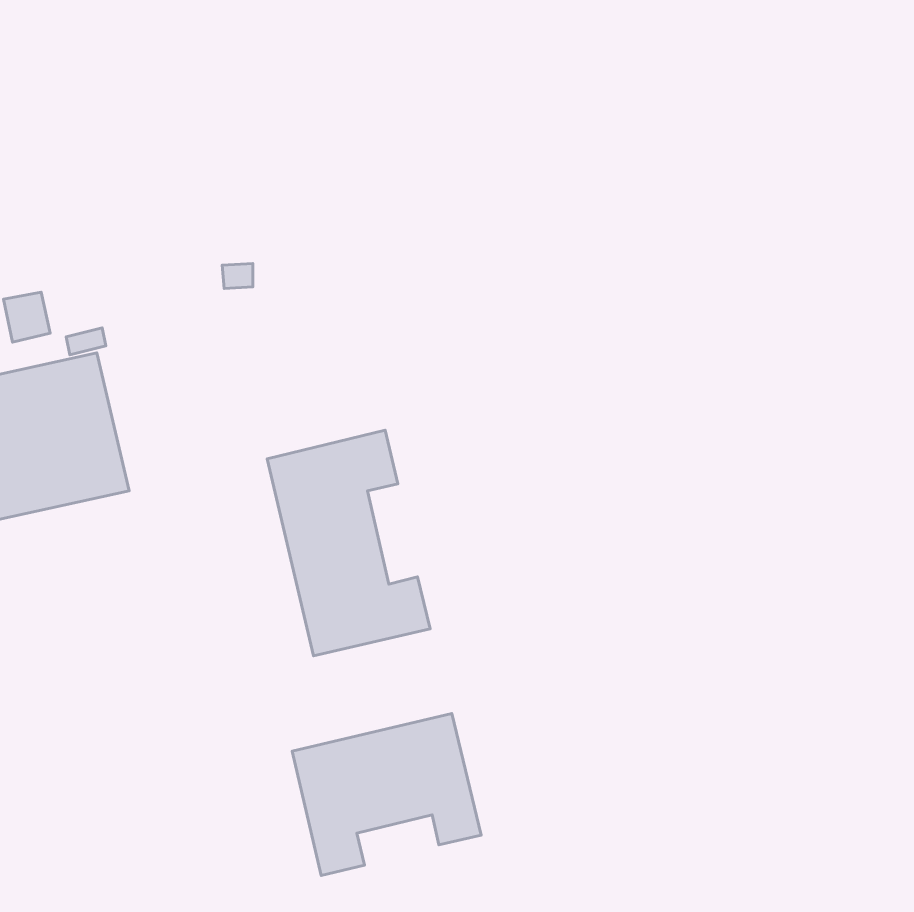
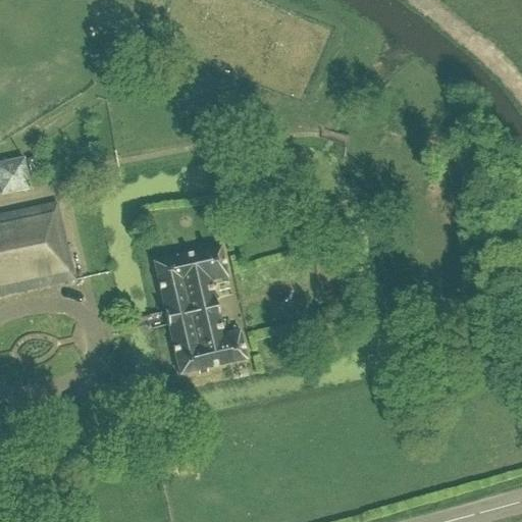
building: [292,713,481,875] -> none

